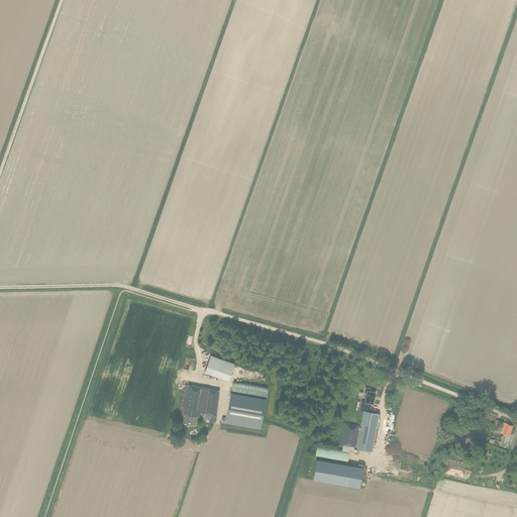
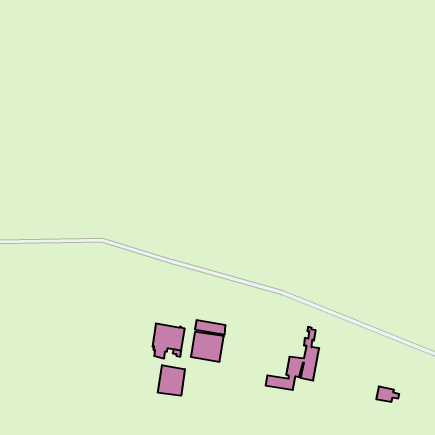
building: [204,355,234,381] -> none
building: none -> [158,365,185,396]
building: [313,459,363,488] -> none

